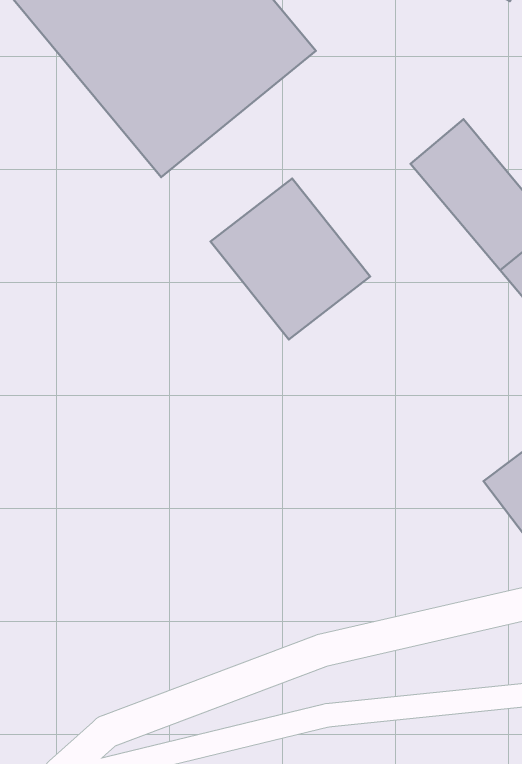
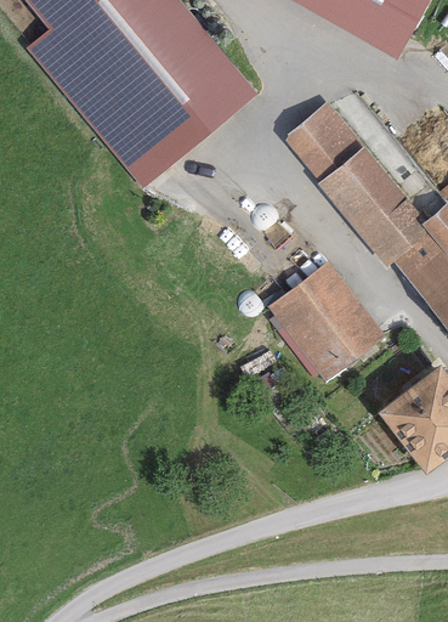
building: none -> [293,103,361,175]
building: [211,178,370,339] -> [265,265,381,383]

